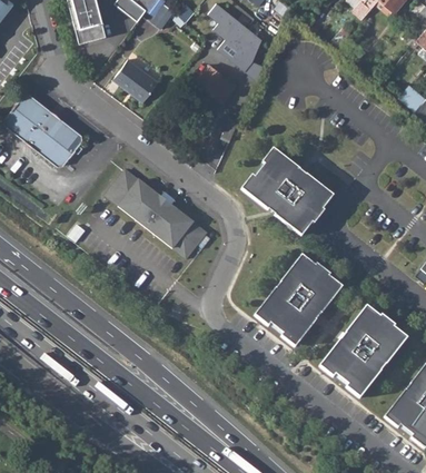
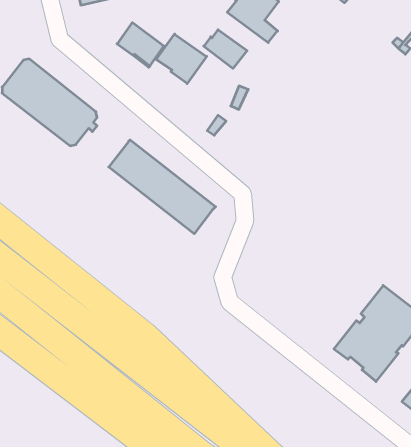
building: none -> [156,34,207,84]
building: [241,149,333,236] -> none
building: [255,256,341,347] -> none

